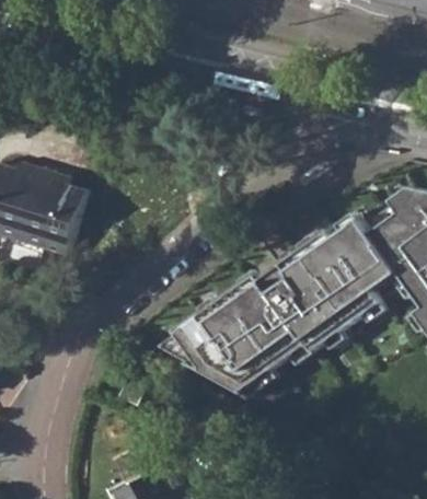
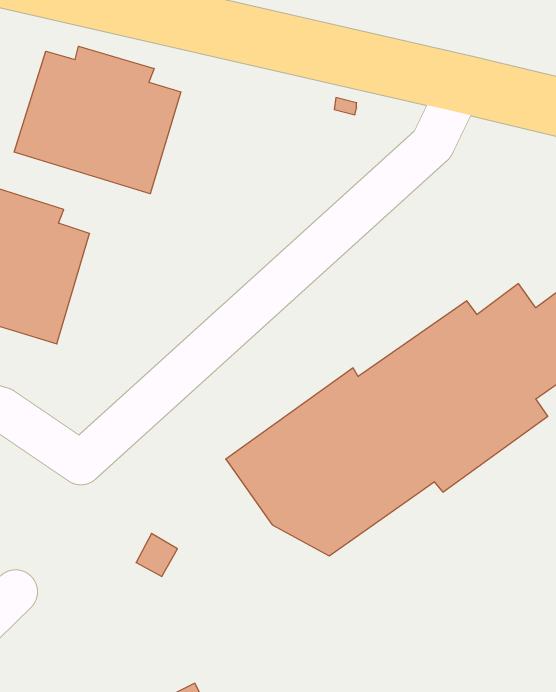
building: none -> [14,46,181,194]

